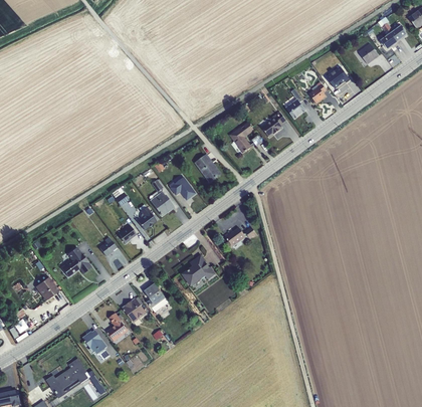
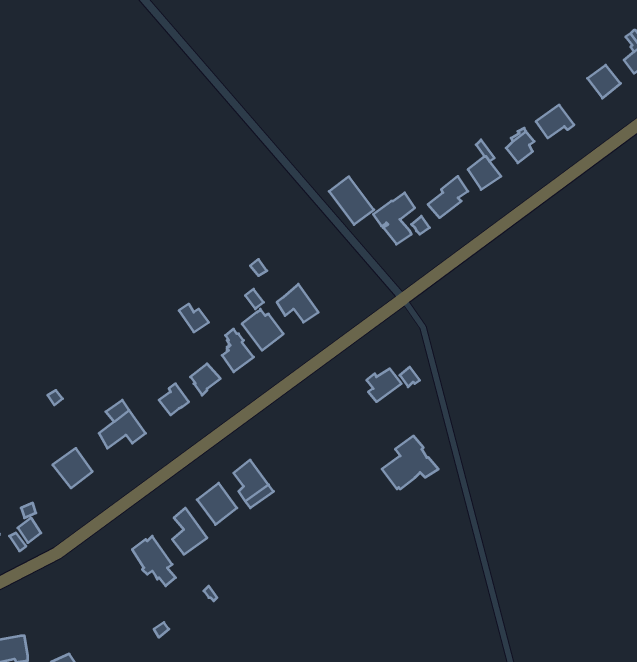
building: [194,153,221,182] -> [329,177,374,225]
building: [181,253,215,285] -> [382,436,438,489]
building: [45,358,89,398] -> none

